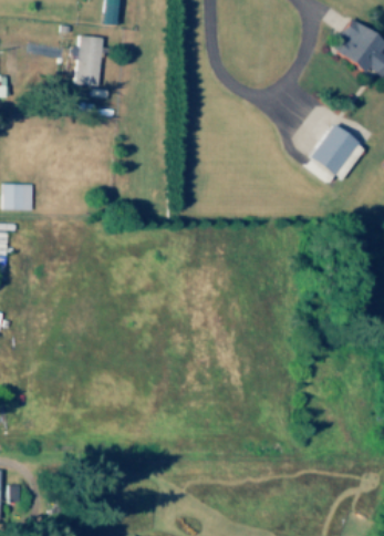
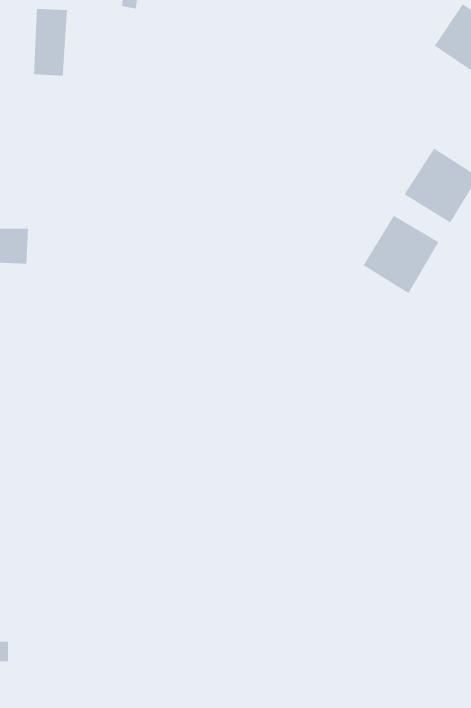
building: [77,34,103,84] -> [33,8,68,76]
building: none -> [362,215,439,294]

